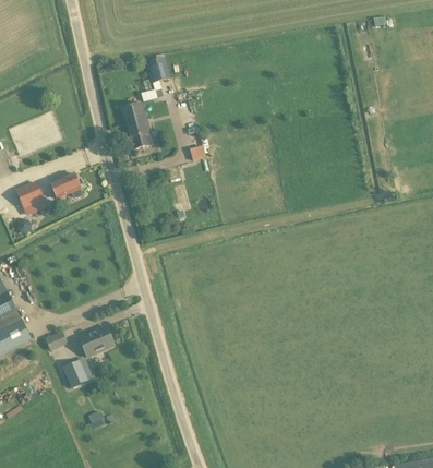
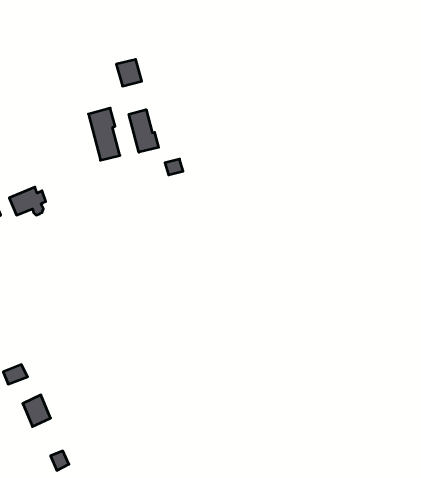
building: none -> [129,110,159,152]
building: [77,325,113,357] -> none

